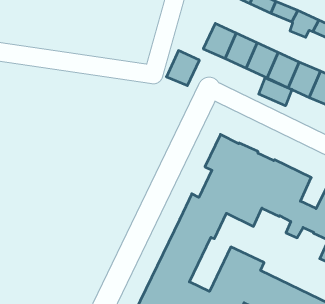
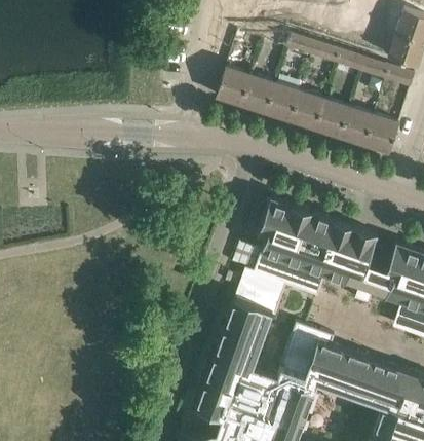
building: [166,51,199,86] -> [217,67,252,105]
building: [259,78,292,106] -> none

